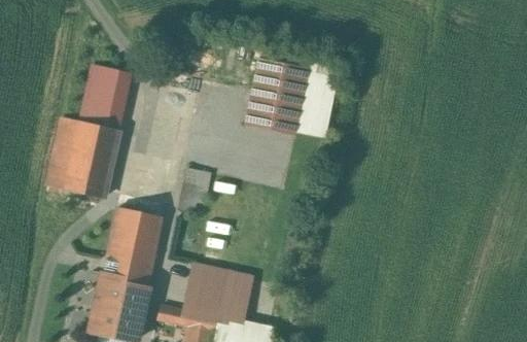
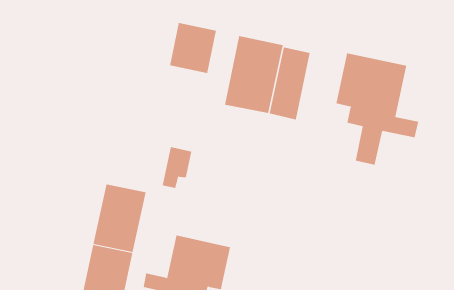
building: none -> [170,22,217,74]
building: none -> [336,53,419,165]
building: [46,65,130,196] -> none

